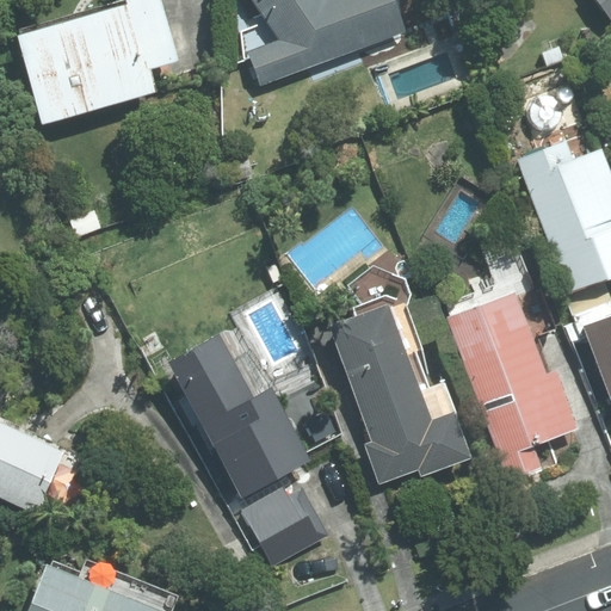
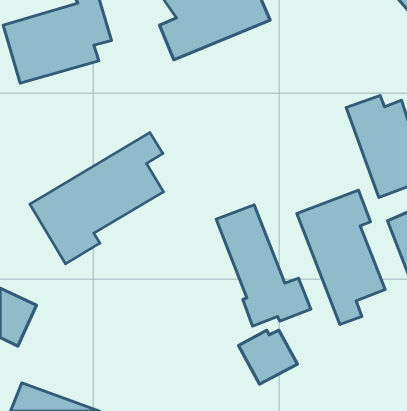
building: none -> [30,132,163,264]
building: [162,332,308,495] -> none
building: [245,486,332,566] -> [239,330,298,384]

